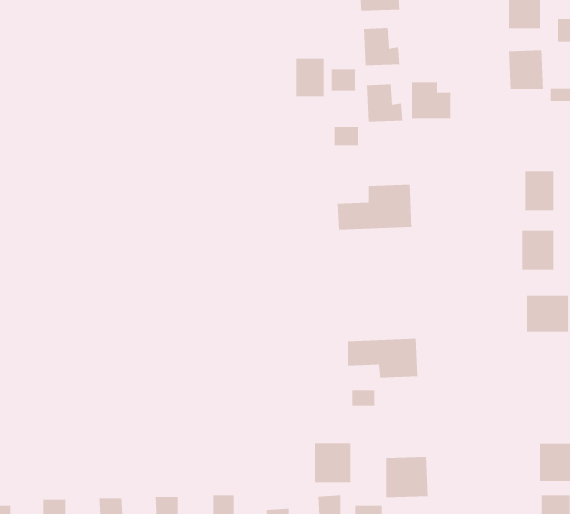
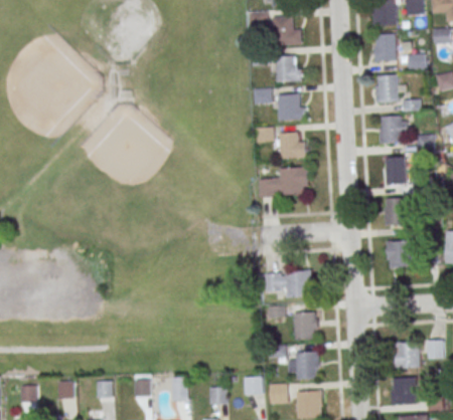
building: [296,58,324,97] -> none
building: [411,82,451,119] -> [280,133,307,158]
building: none -> [380,116,408,142]
building: [314,443,351,483] -> [294,311,319,339]

